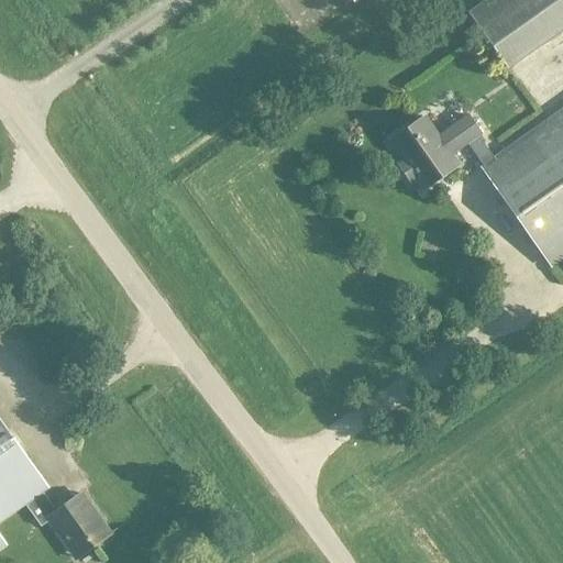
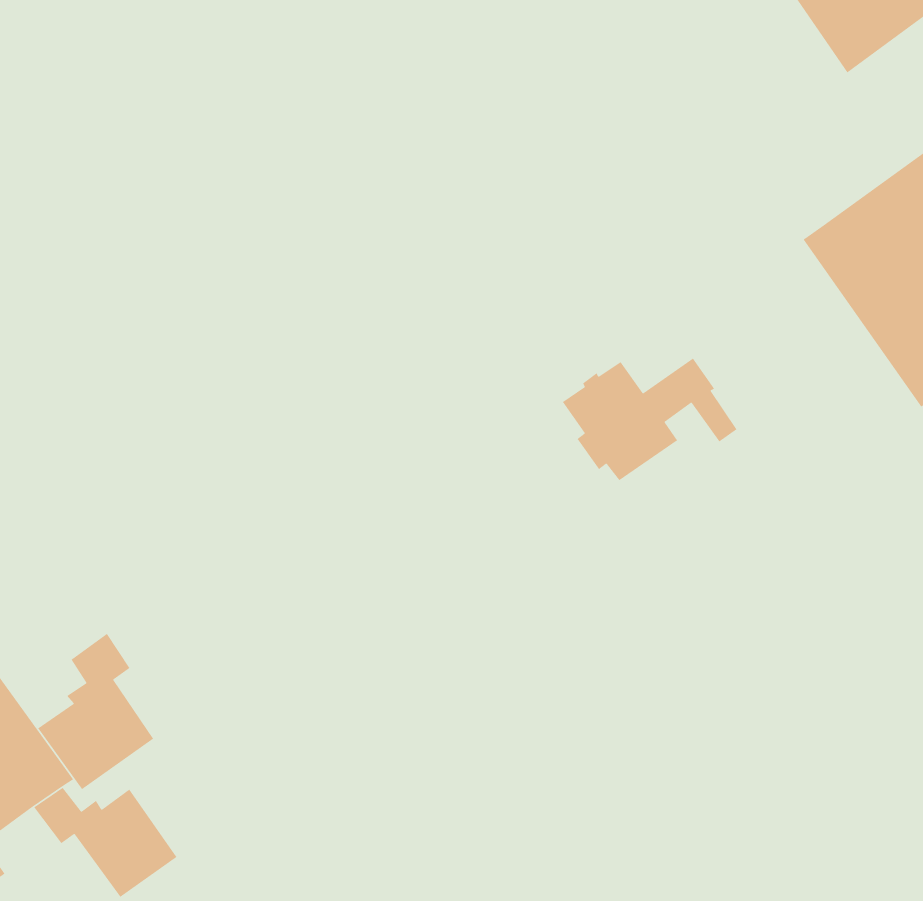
building: [389,114,494,188] -> [562,357,738,481]
building: none -> [37,633,154,790]

